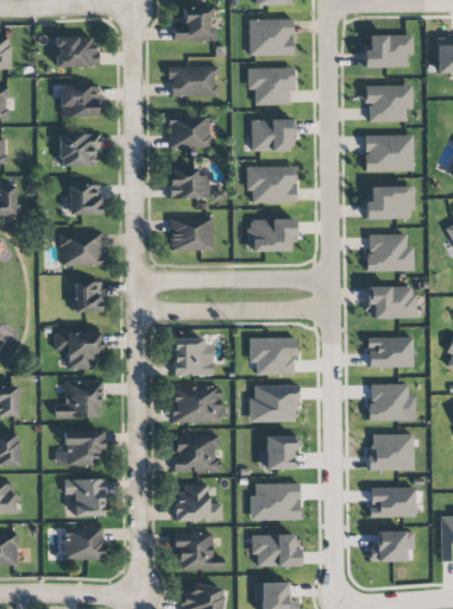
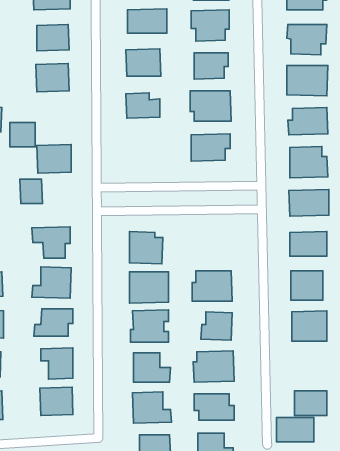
building: [70,184,101,214] -> [10,123,35,147]
building: [170,216,214,250] -> none
building: [75,281,102,310] -> [20,179,42,204]
building: [250,337,296,375] -> none
building: [371,486,416,516] -> [277,418,314,442]

